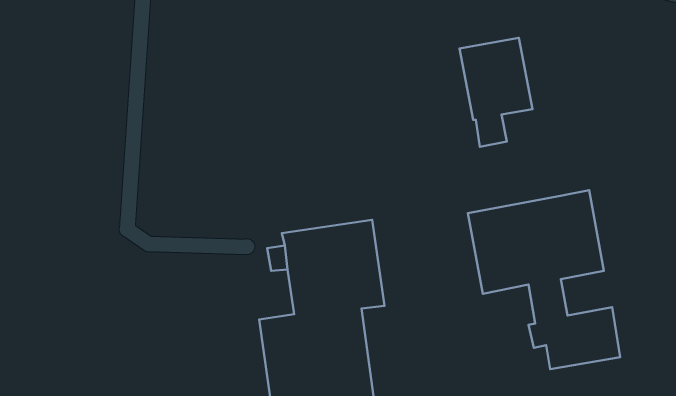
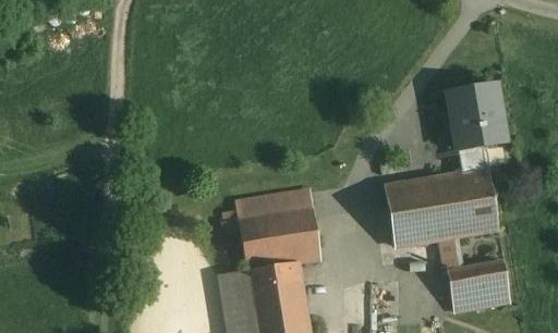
building: [460,38,532,147] -> [447,82,506,170]

